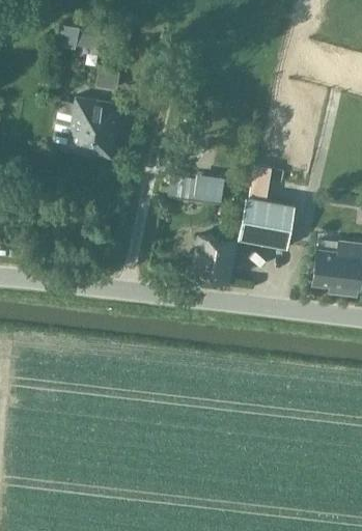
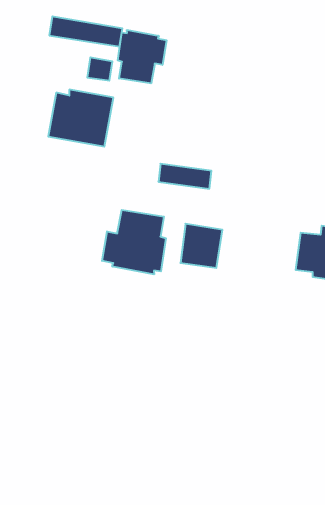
building: none -> [118,30,167,83]
building: [239,164,295,249] -> none
building: none -> [102,210,166,274]

